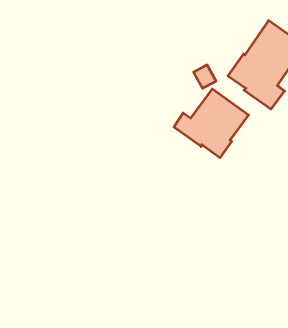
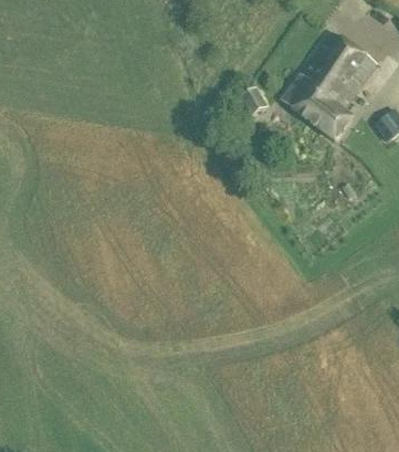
building: [174,89,249,158] -> none

